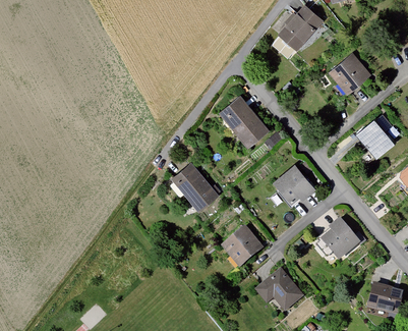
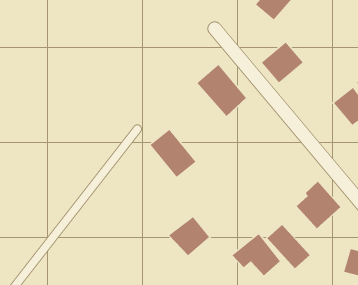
building: [328,52,371,95] -> [261,41,304,84]
building: [272,164,315,209] -> none
building: [220,227,263,268] -> [168,216,210,256]
building: none -> [266,224,311,269]

